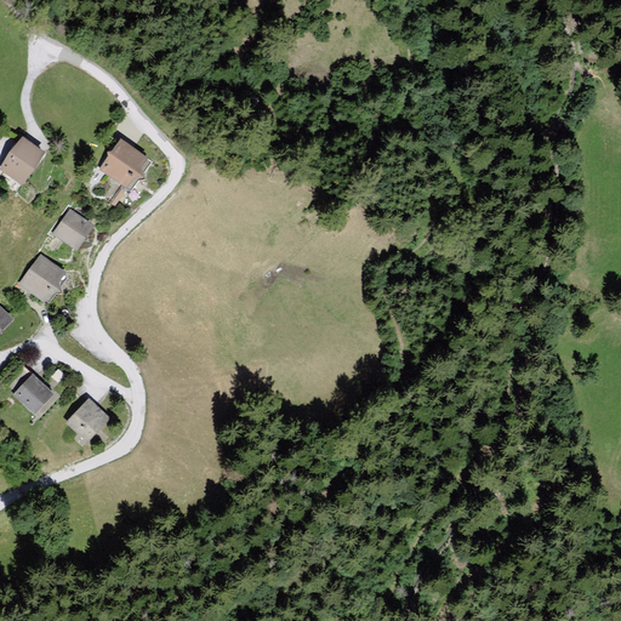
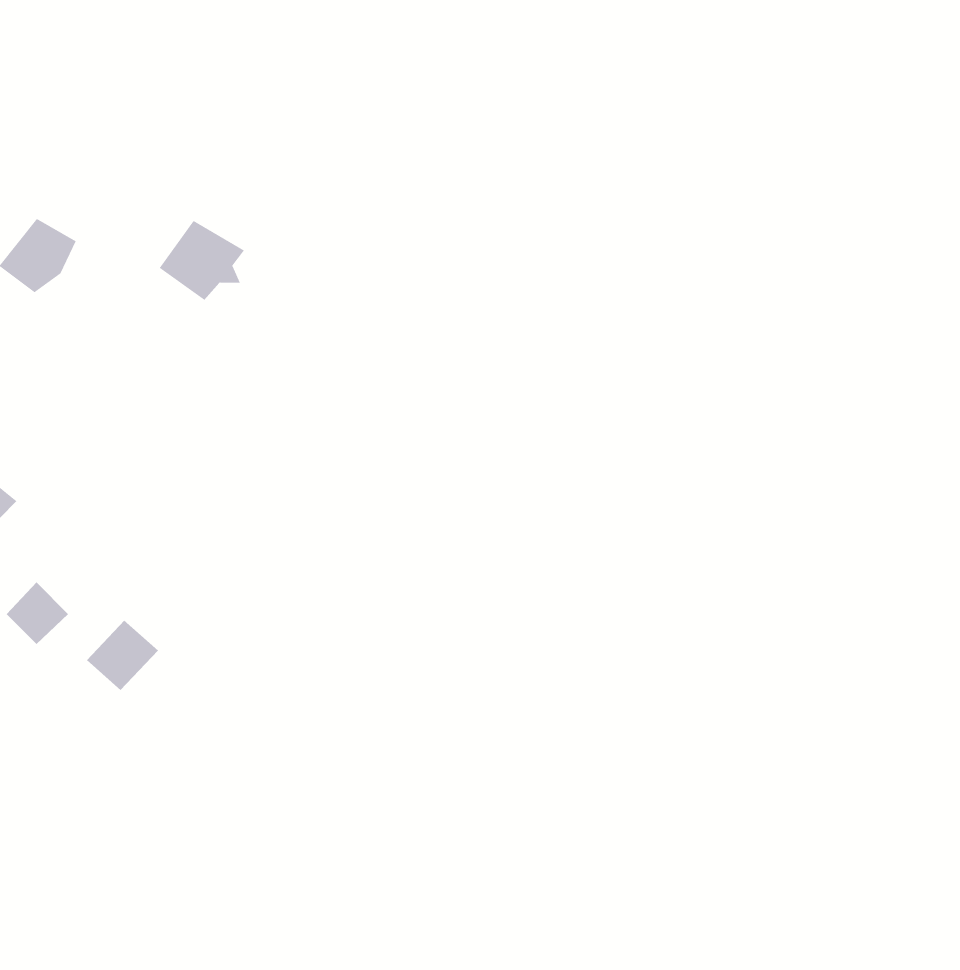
building: [51,209,98,253] -> none
building: [15,253,67,302] -> none

